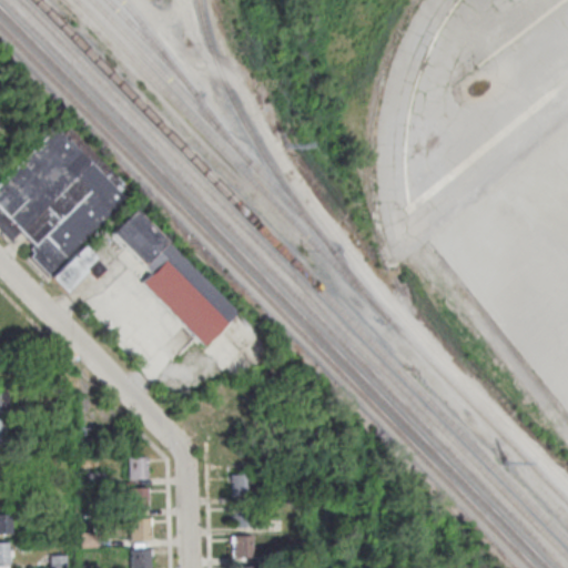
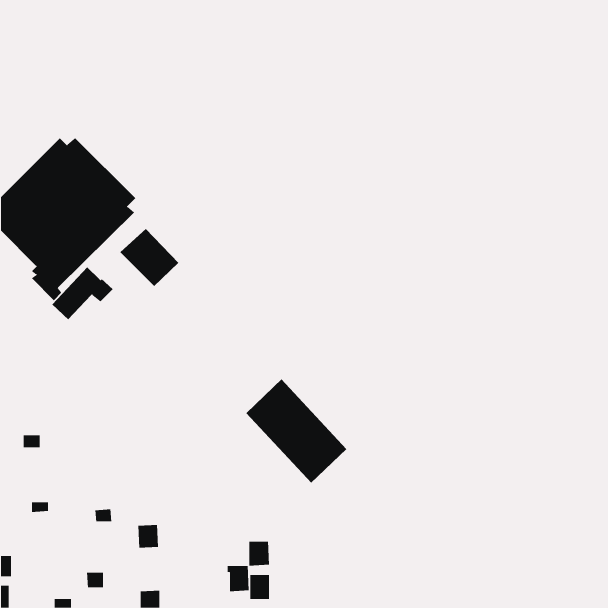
building: [144,251,239,348] -> [246,379,347,484]
building: [129,456,149,479] -> none
building: [231,473,252,497] -> [227,565,250,592]
building: [131,518,151,540] -> none

